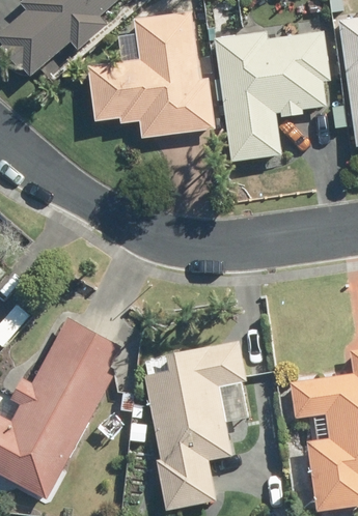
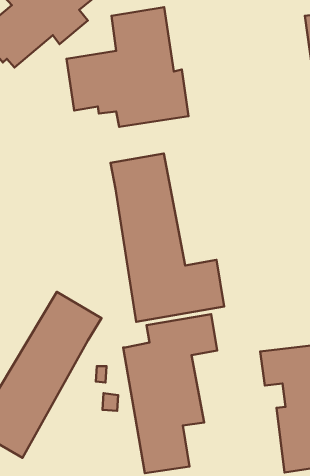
building: [216,32,331,162] -> none
building: none -> [110,153,224,322]

